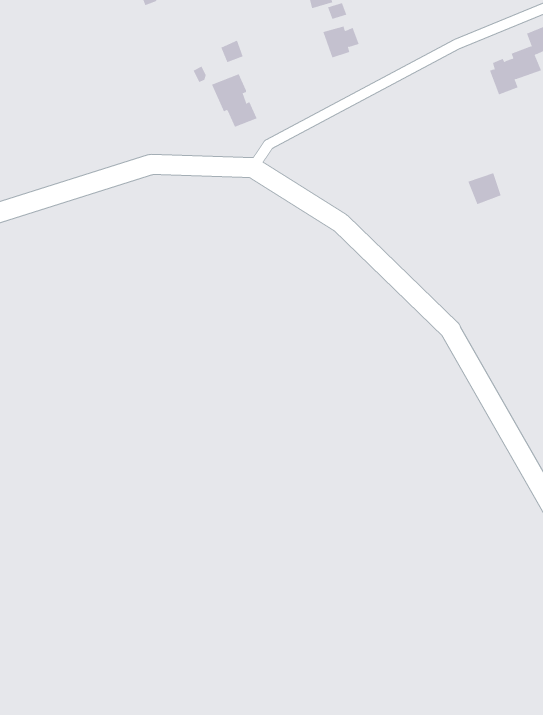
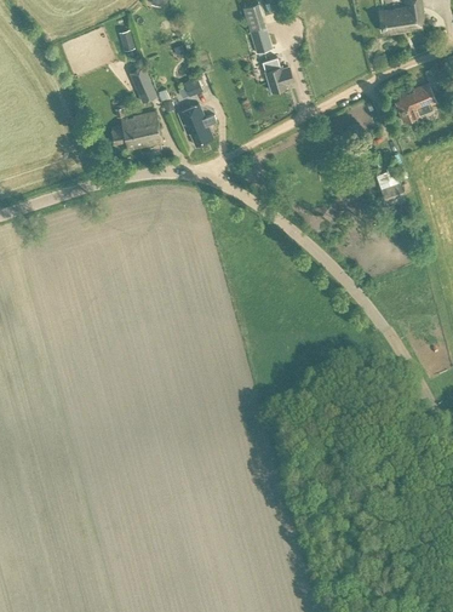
building: none -> [130,65,157,102]
building: none -> [110,111,162,148]

